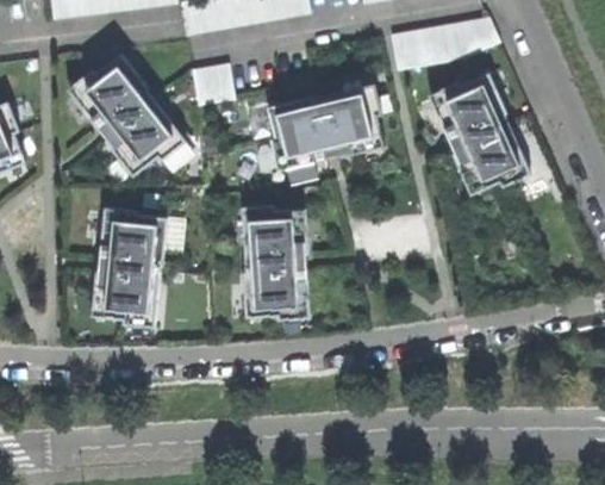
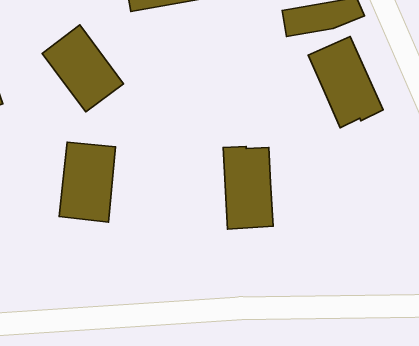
building: [193,63,236,105] -> none
building: [263,81,380,166] -> none
building: [238,204,305,313] -> [223,147,273,229]

